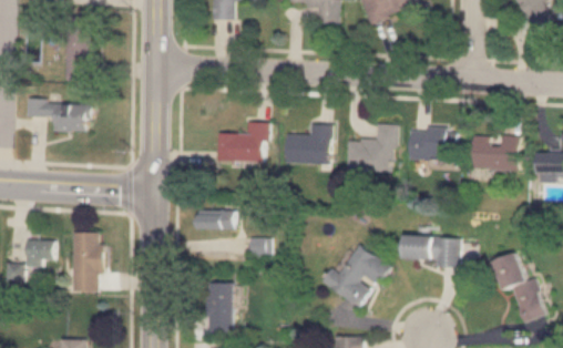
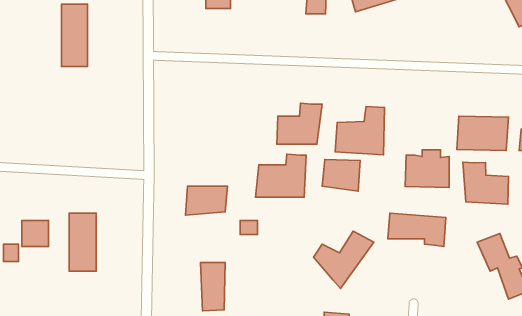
building: [25,101,90,133] -> none
building: [215,119,267,163] -> [256,154,306,197]
building: [409,121,454,160] -> [405,150,449,188]
building: none -> [322,160,360,191]
building: none -> [463,162,509,204]

